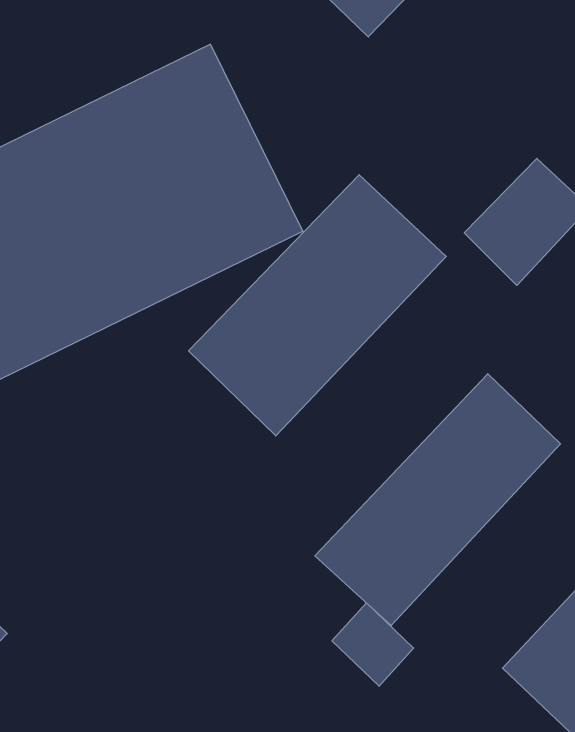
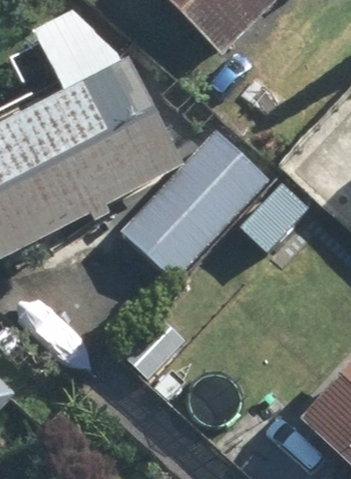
building: [315,374,561,625] -> none

